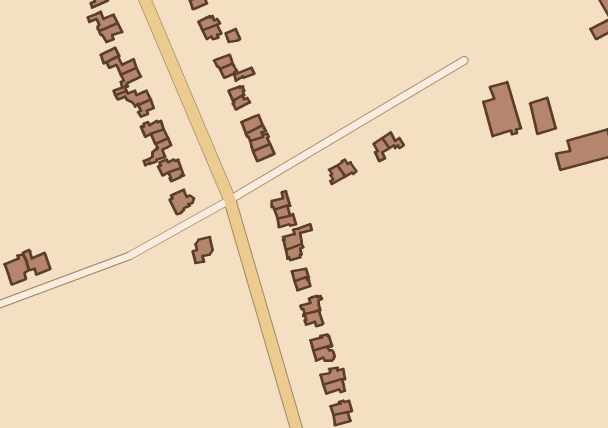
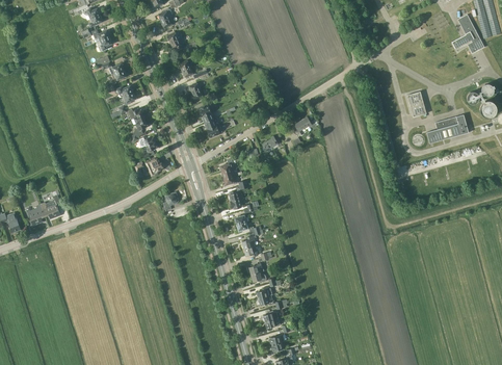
building: [483,82,521,136] -> none

